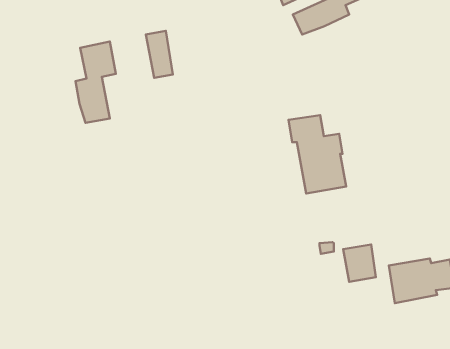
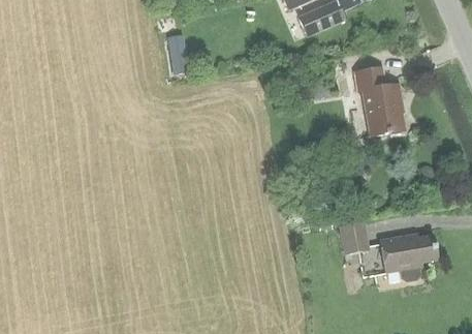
building: [75,42,116,123] -> none
building: [289,115,346,194] -> [353,67,404,136]

